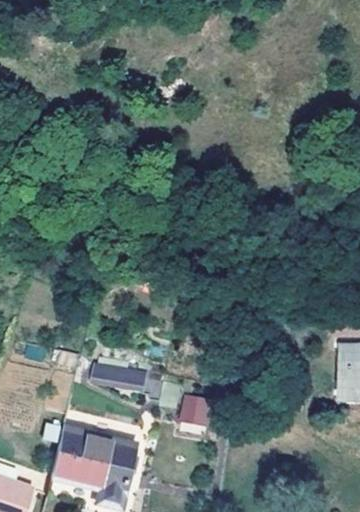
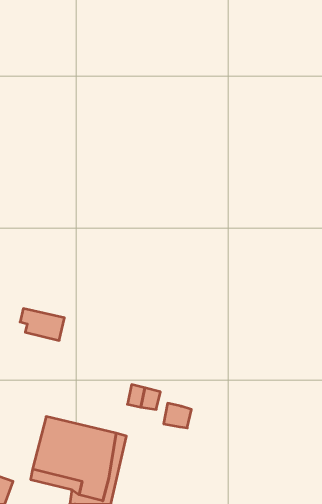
building: [89,363,132,394] -> [20,309,64,340]

